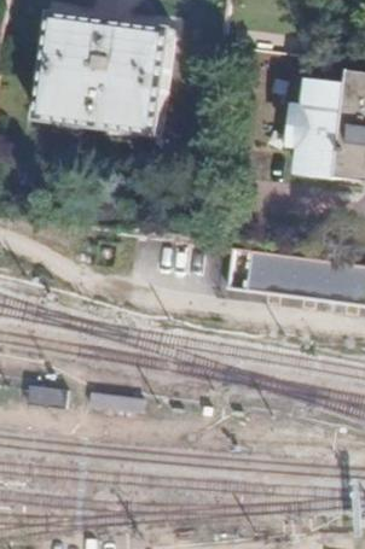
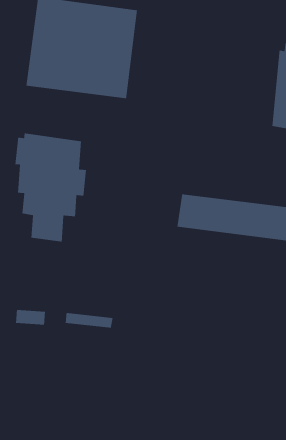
building: [289,72,338,170] -> none
building: none -> [15,133,87,242]

